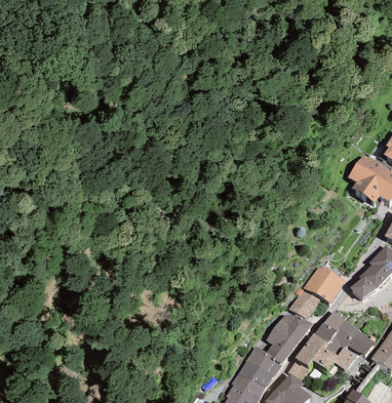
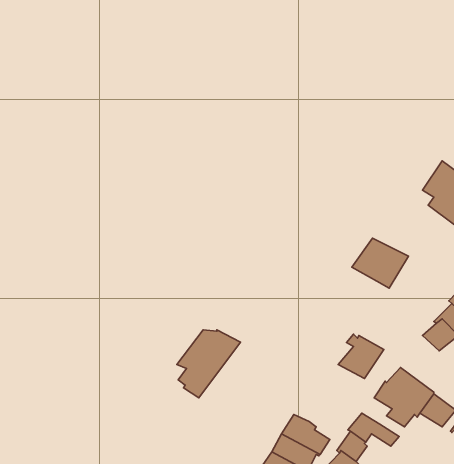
building: [304,266,346,303] -> [352,238,409,288]
building: [266,314,313,364] -> [177,330,240,398]
building: [306,333,358,369] -> none

